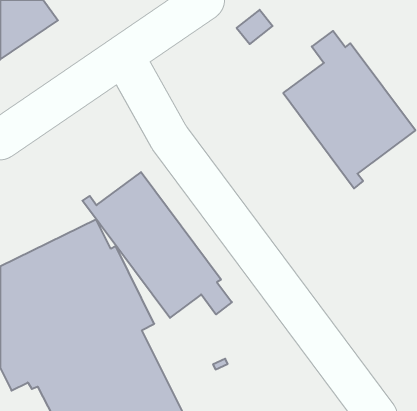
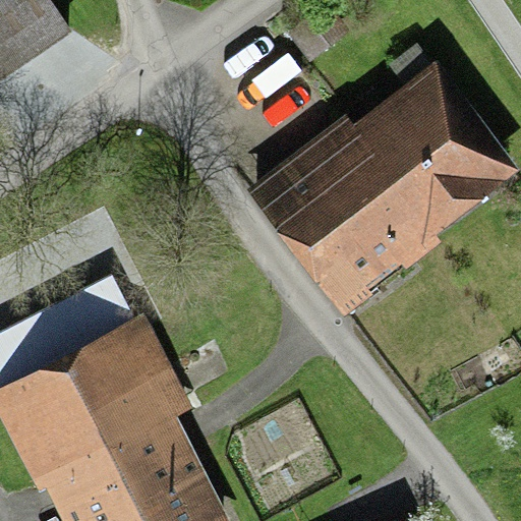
building: none -> [248,116,442,317]
building: [82,172,232,318] -> none

